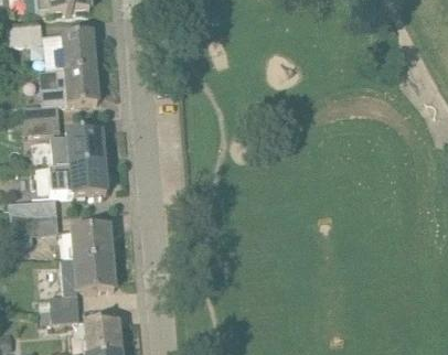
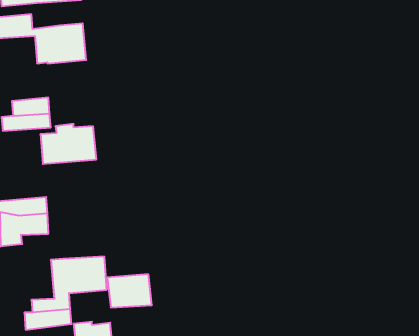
building: [58,64,99,101] -> none
building: [45,160,108,195] -> none
building: [71,224,114,256] -> [107,274,152,307]

